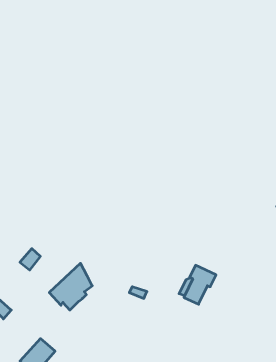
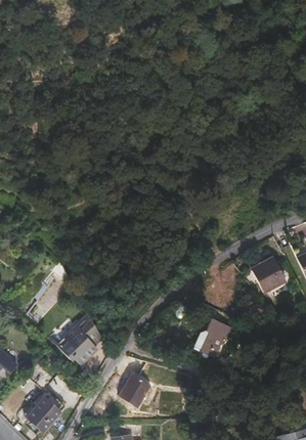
building: none -> [249,254,286,293]
building: none -> [123,373,155,406]

